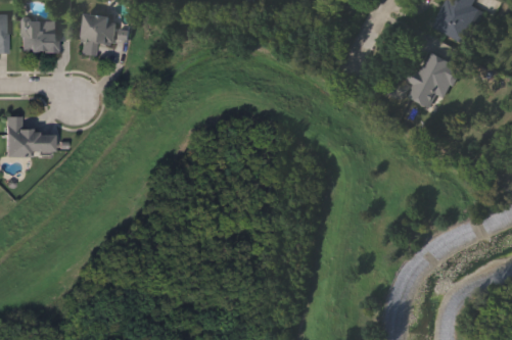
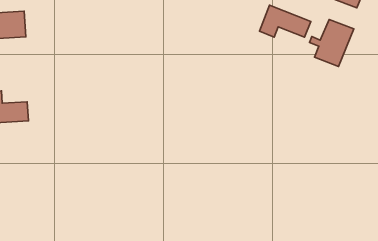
building: [81,14,115,57] -> none
building: none -> [259,5,311,37]

